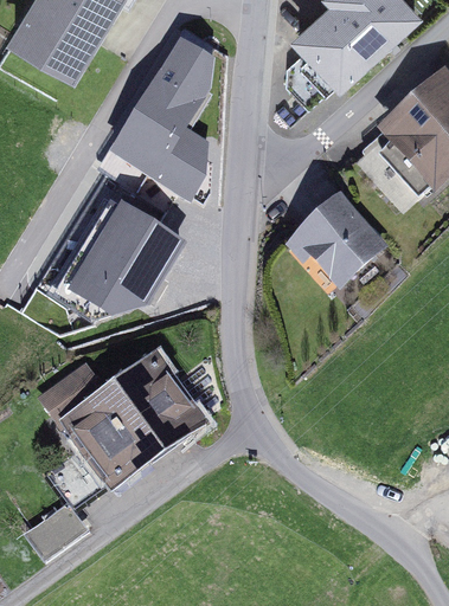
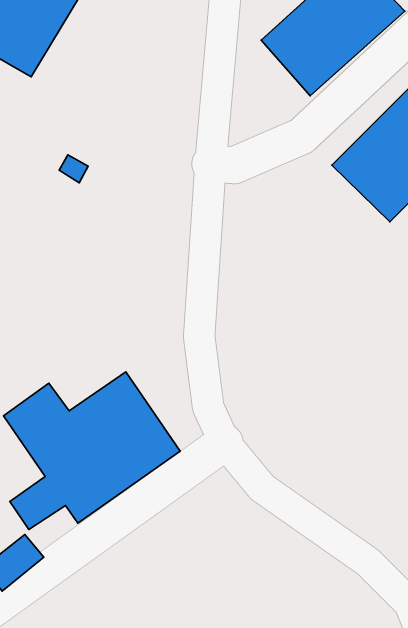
building: [117,49,213,189] -> none
building: [286,195,389,297] -> none
building: [59,198,179,317] -> none

